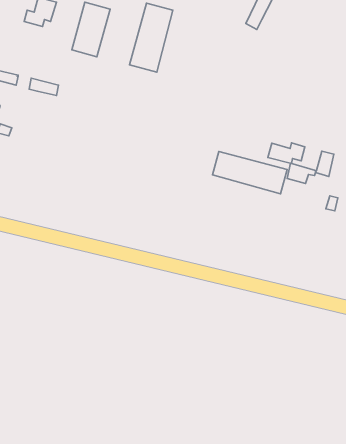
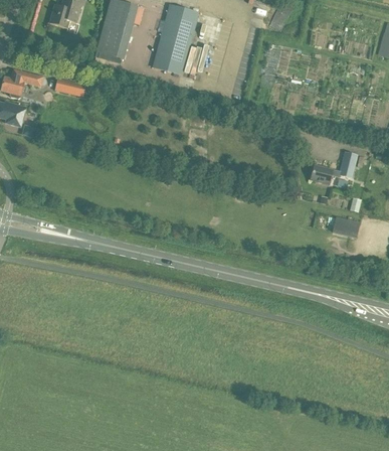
building: [268,143,305,164] -> none
building: [213,151,287,194] -> none
building: none -> [333,216,360,237]

